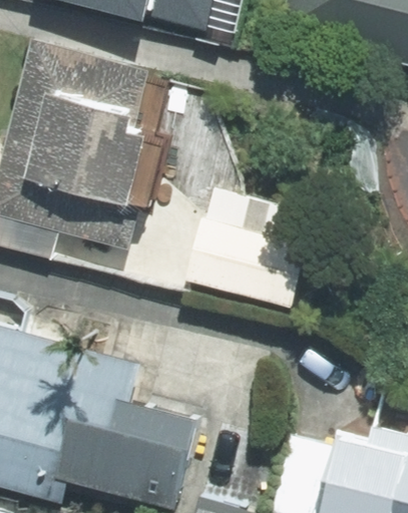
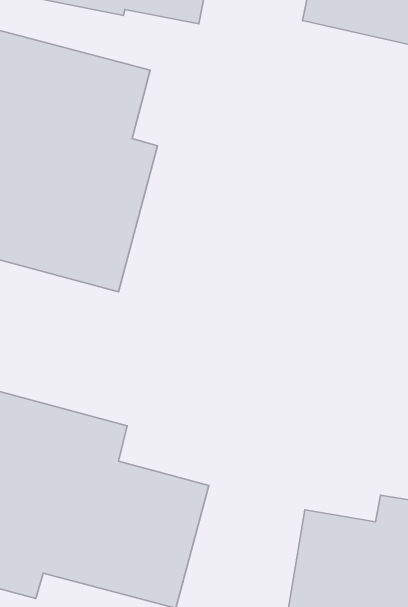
building: [185,185,316,311] -> none

